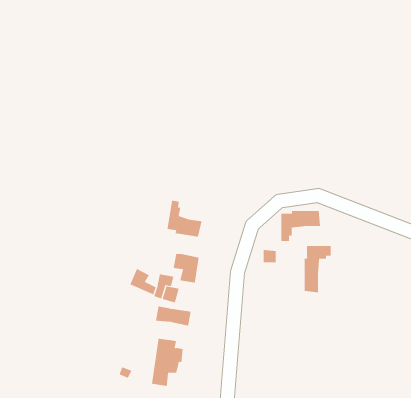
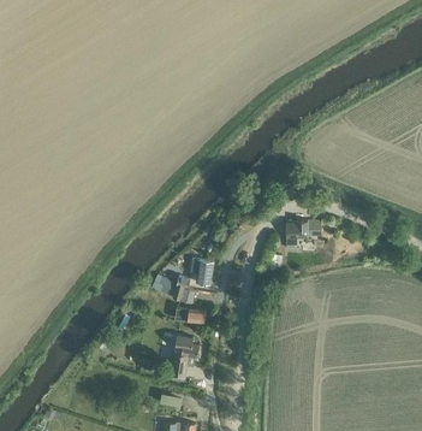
building: [167,200,202,238] -> none
building: [304,245,331,293] -> none

